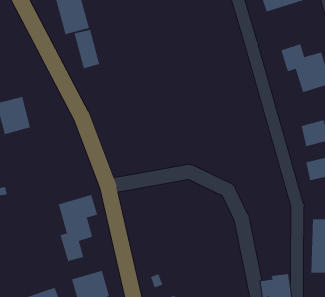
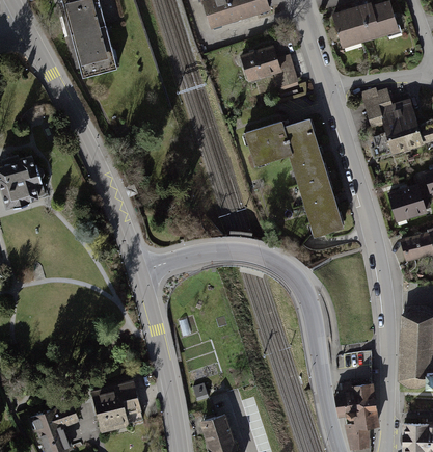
building: none -> [240,45,298,91]
building: [74,29,100,69] -> none
building: none -> [247,118,345,237]
building: [58,194,98,262] -> none

